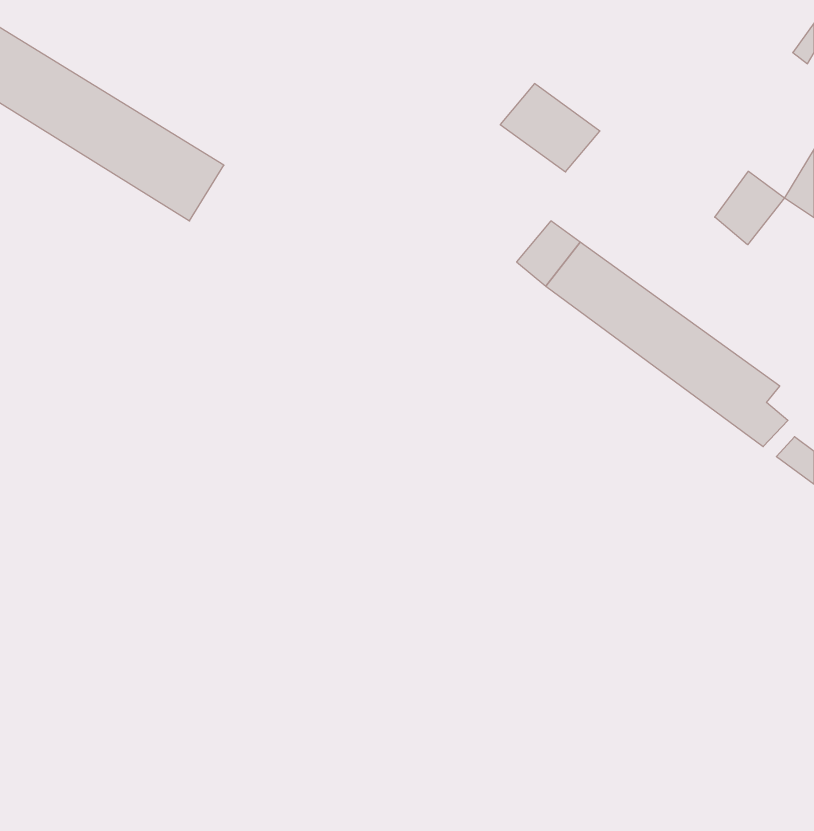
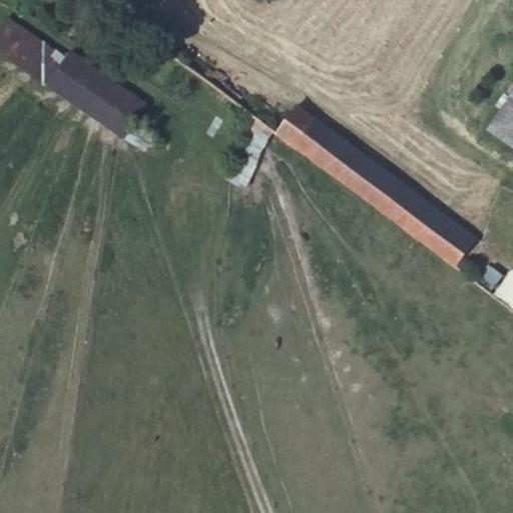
building: [500,84,600,172] -> [277,106,338,160]
building: [715,171,785,245] -> none

